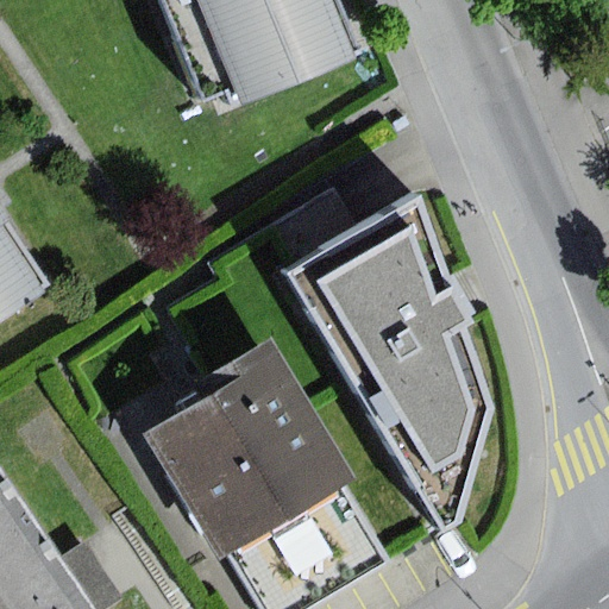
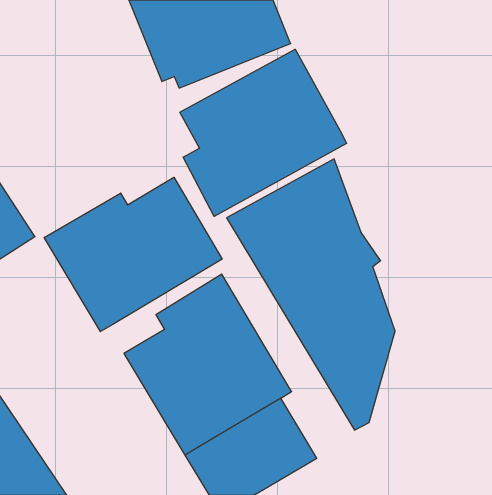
building: none -> [180,49,347,216]
building: none -> [44,177,222,332]

